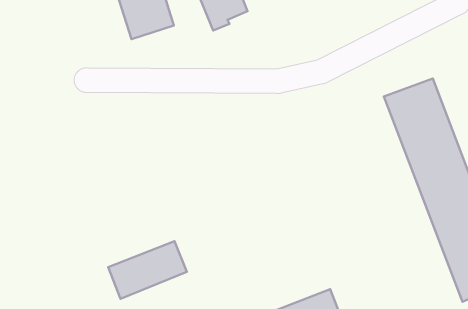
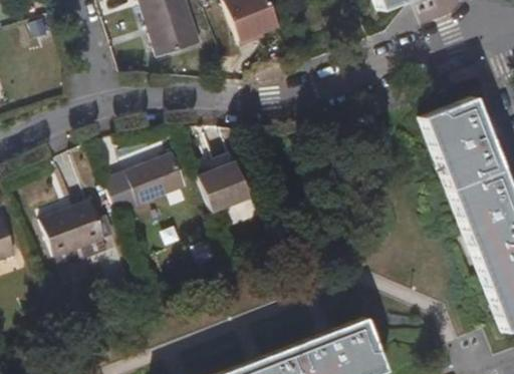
building: none -> [200,165,249,215]
building: none -> [42,202,107,259]
building: [108,241,187,299] -> [104,154,187,215]

